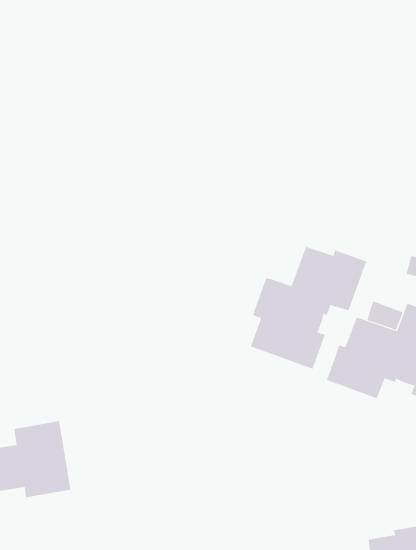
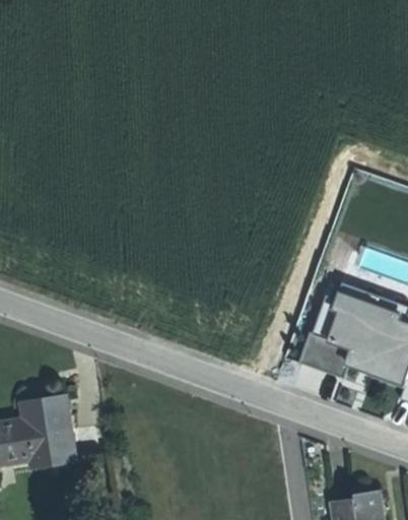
building: [250,246,367,369] -> none

